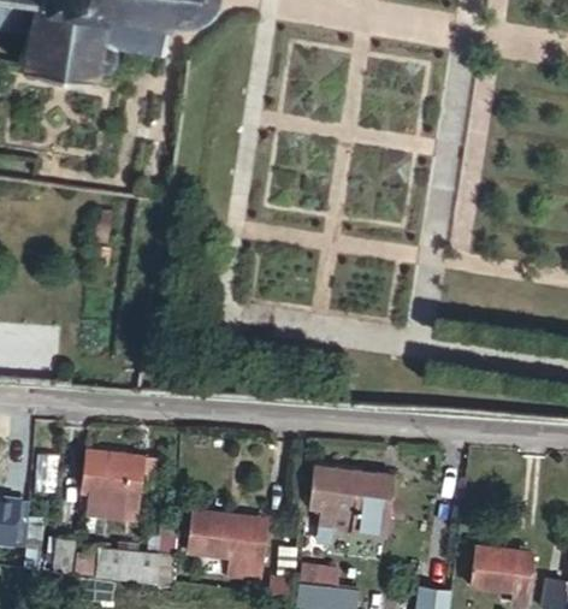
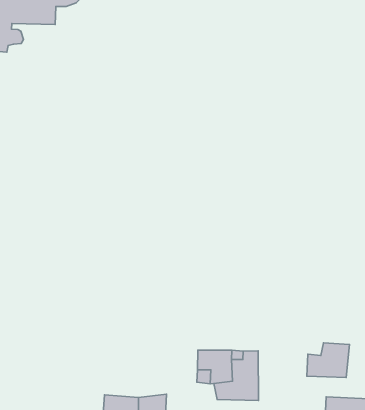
building: [77,461,154,509] -> none
building: none -> [307,343,349,377]

